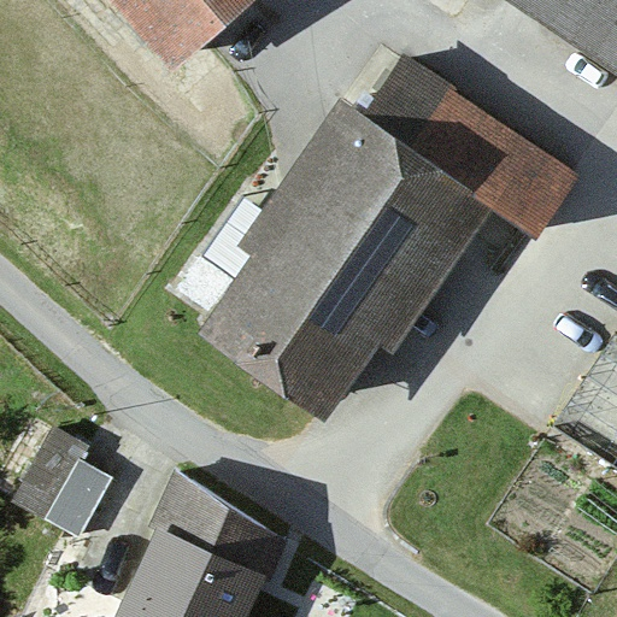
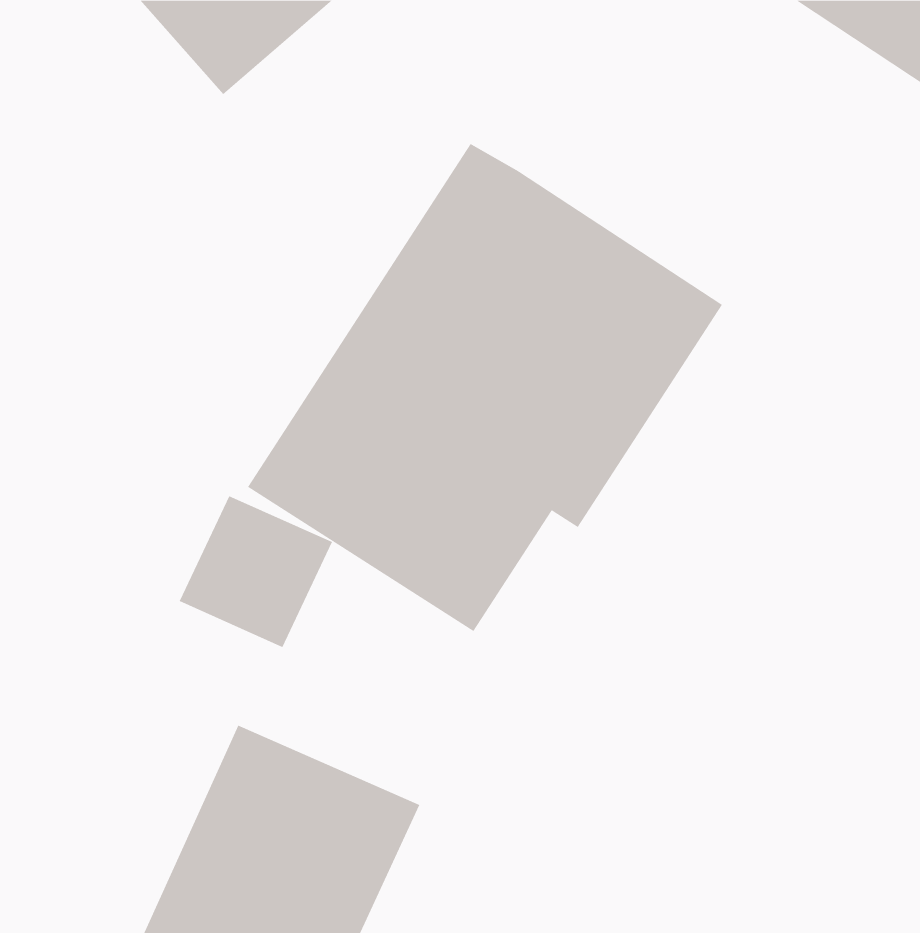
building: [355,55,580,240] -> none
building: [33,433,133,531] -> [179,495,333,648]

